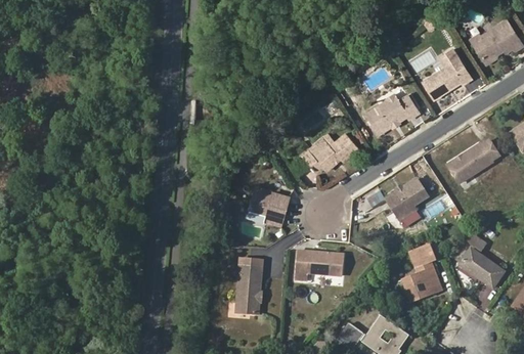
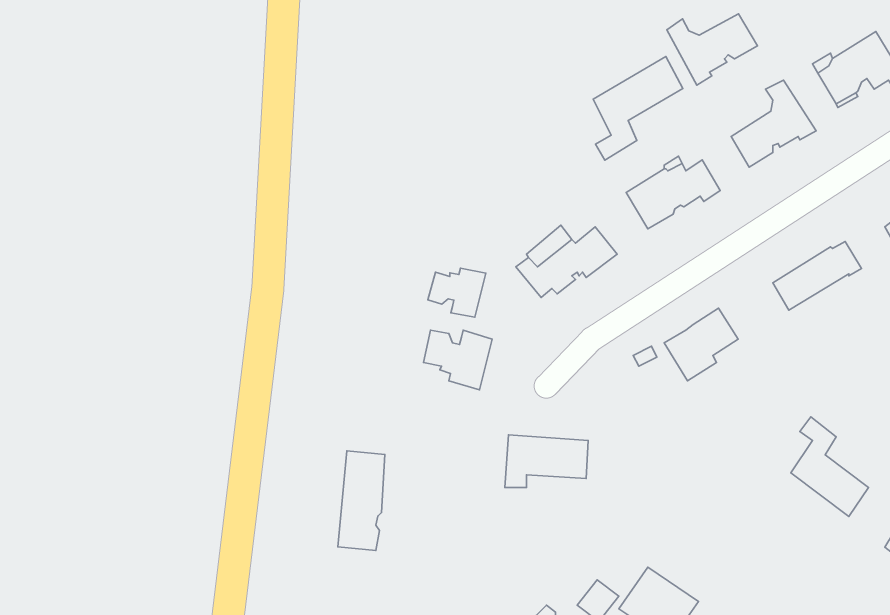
building: none -> [667,14,758,85]
building: none -> [593,56,683,160]
building: none -> [428,268,486,317]
building: [402,251,439,307] -> none
building: [236,256,263,312] -> [338,451,385,550]

